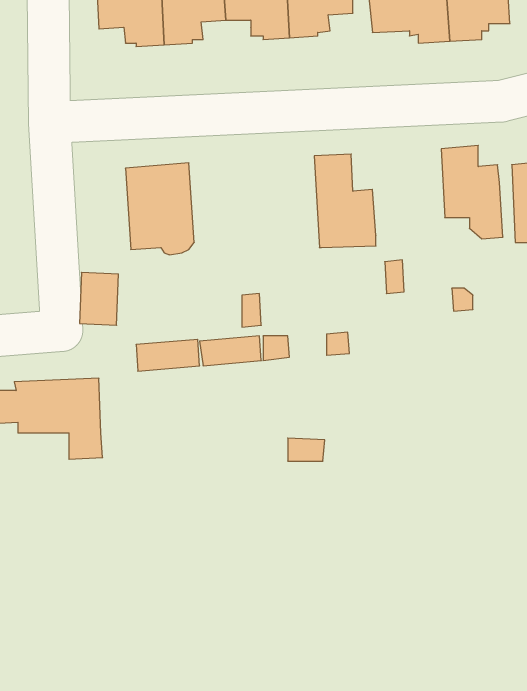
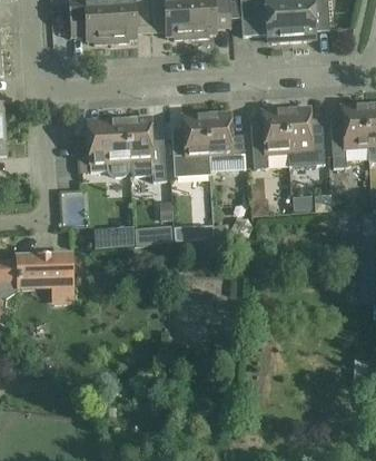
building: none -> [250,108,288,168]
building: none -> [171,112,210,176]
building: none -> [127,116,166,180]

